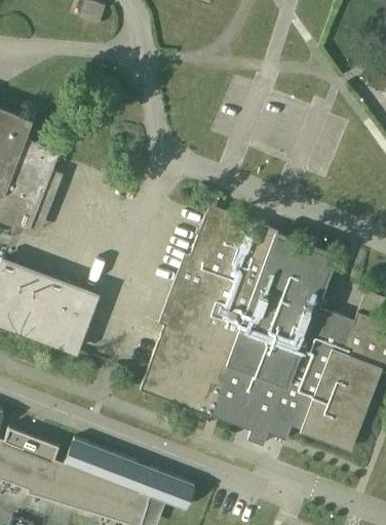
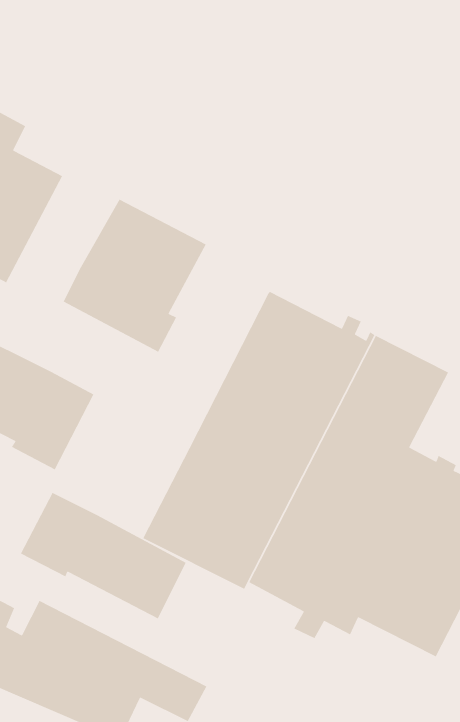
building: none -> [63,199,207,353]
building: none -> [20,492,187,619]

